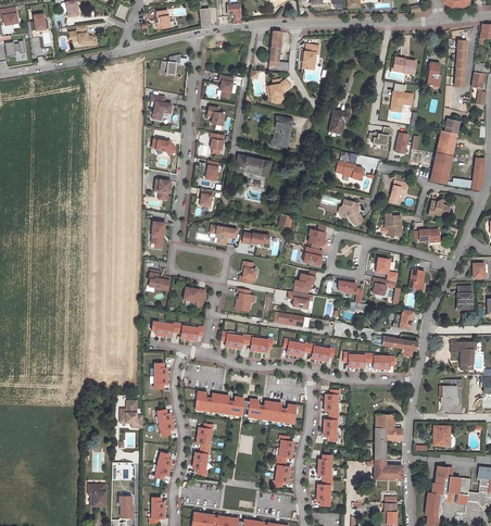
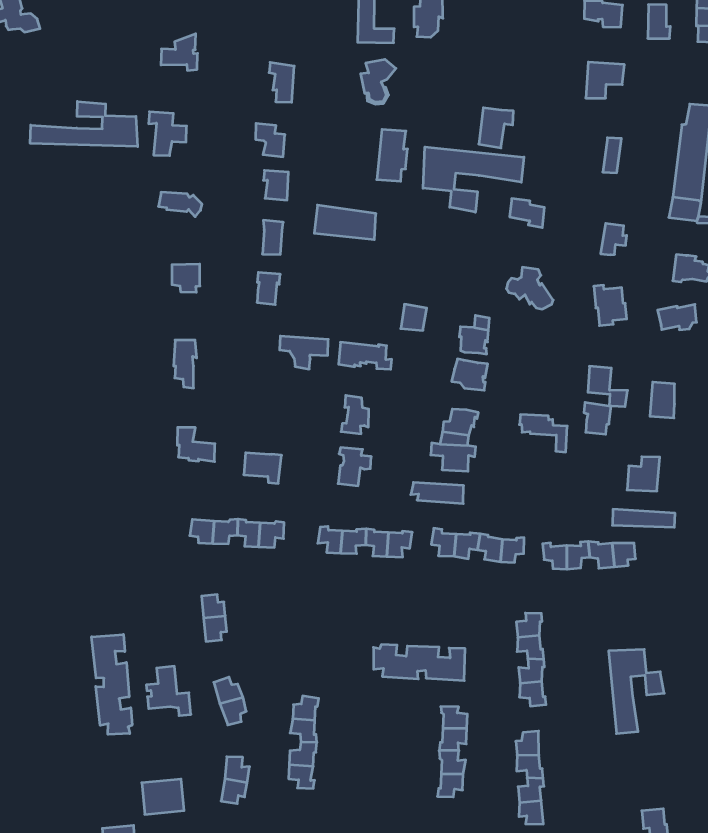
building: none -> [30,101,138,147]
building: none -> [423,147,524,212]
building: none -> [92,634,132,734]
building: [196,391,243,415] -> none
building: [373,460,403,480] -> none

